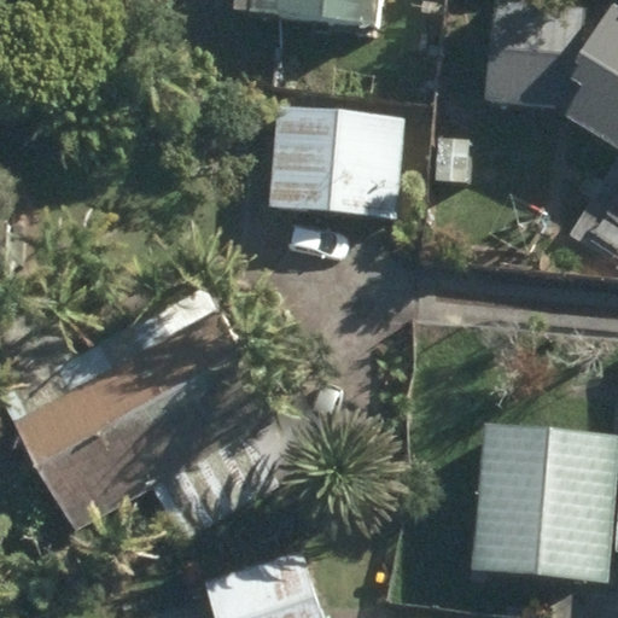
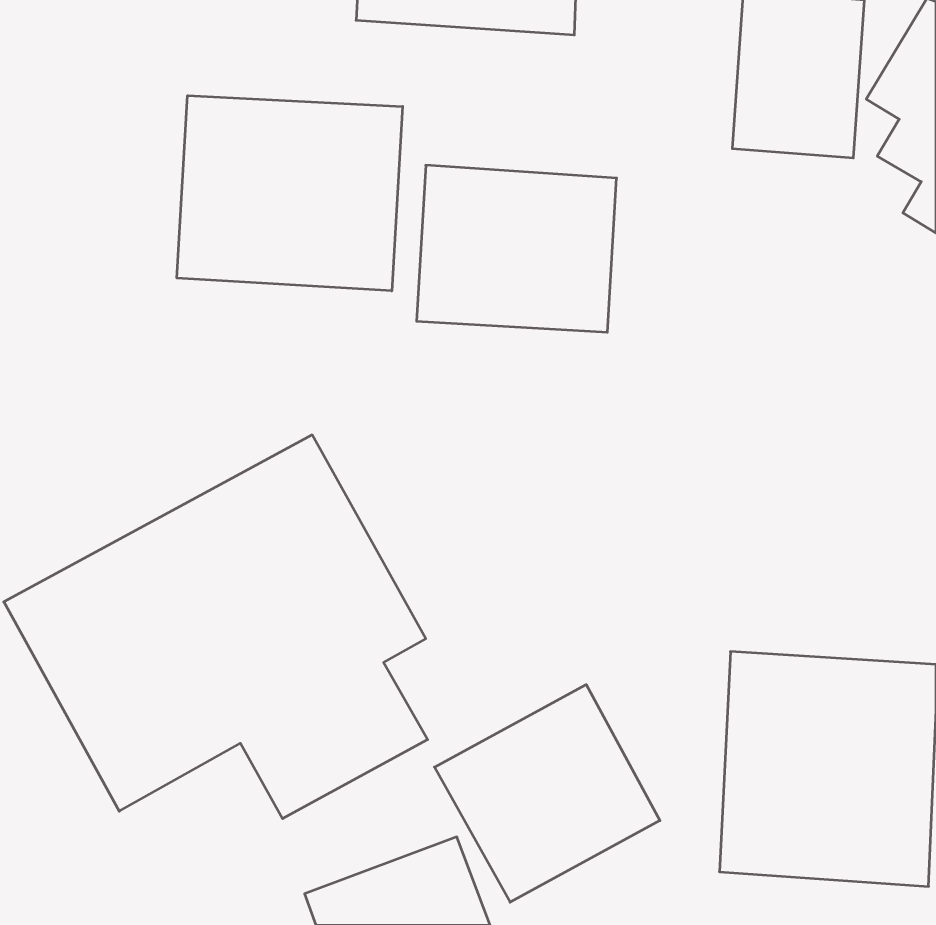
building: none -> [177,96,403,291]
building: none -> [434,685,660,902]

